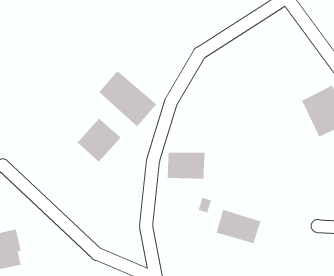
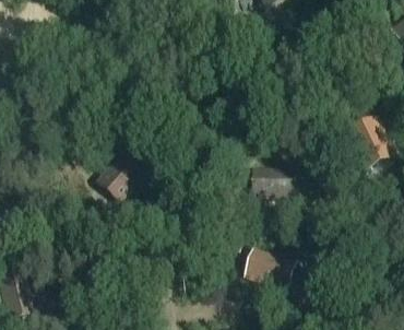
building: [99,70,157,127] -> none
building: [167,152,205,179] -> [252,167,295,197]

